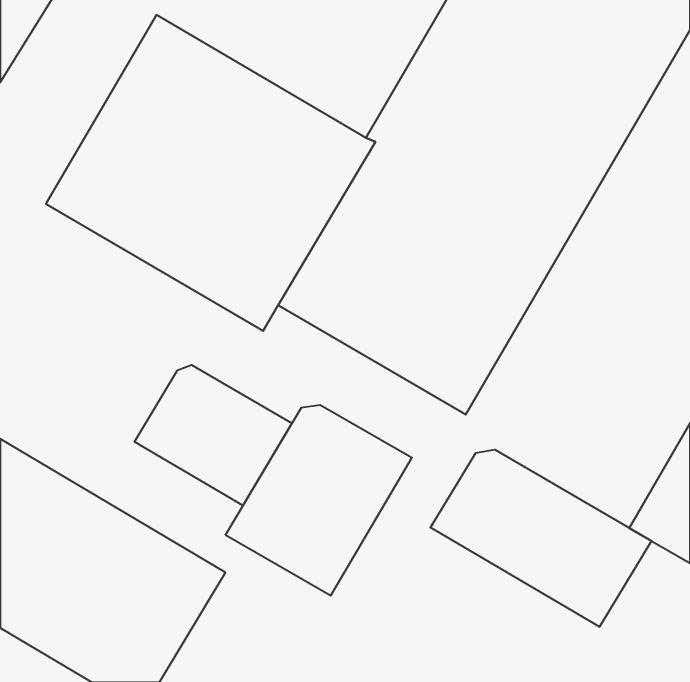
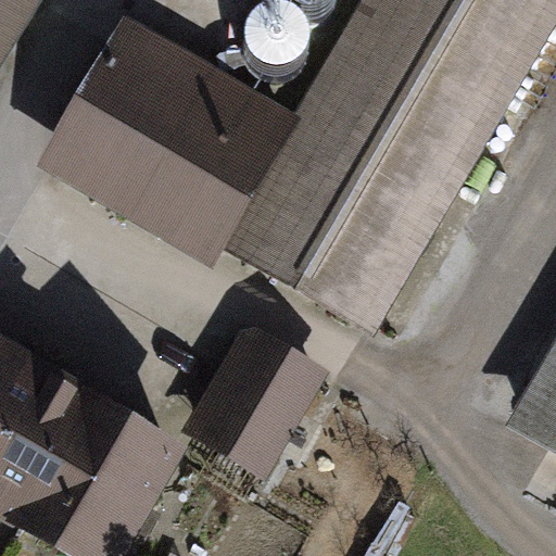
building: [134,365,292,505] -> none
building: [430,450,651,627] -> none

